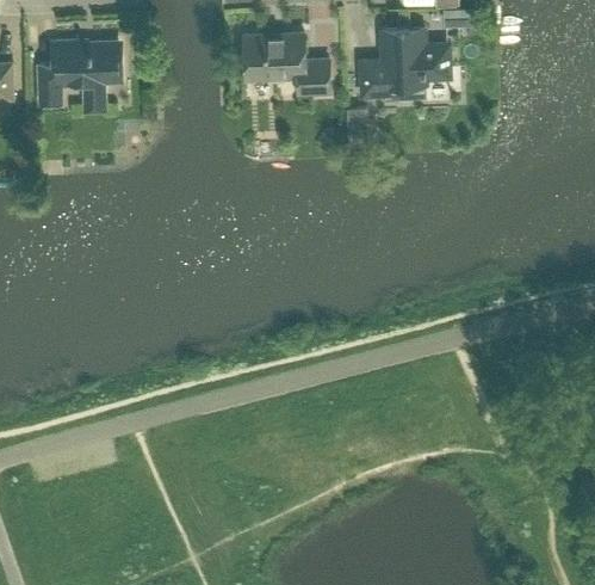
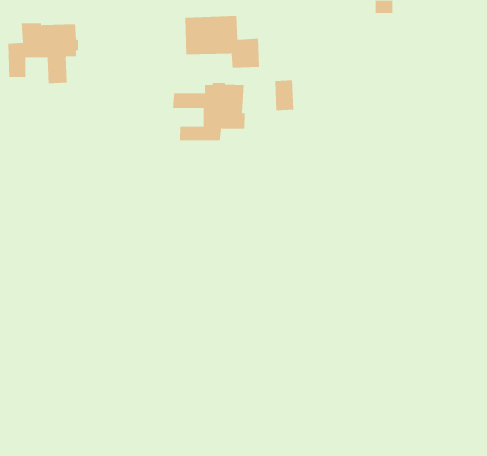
building: [360,29,448,100] -> none
building: none -> [172,82,245,141]

